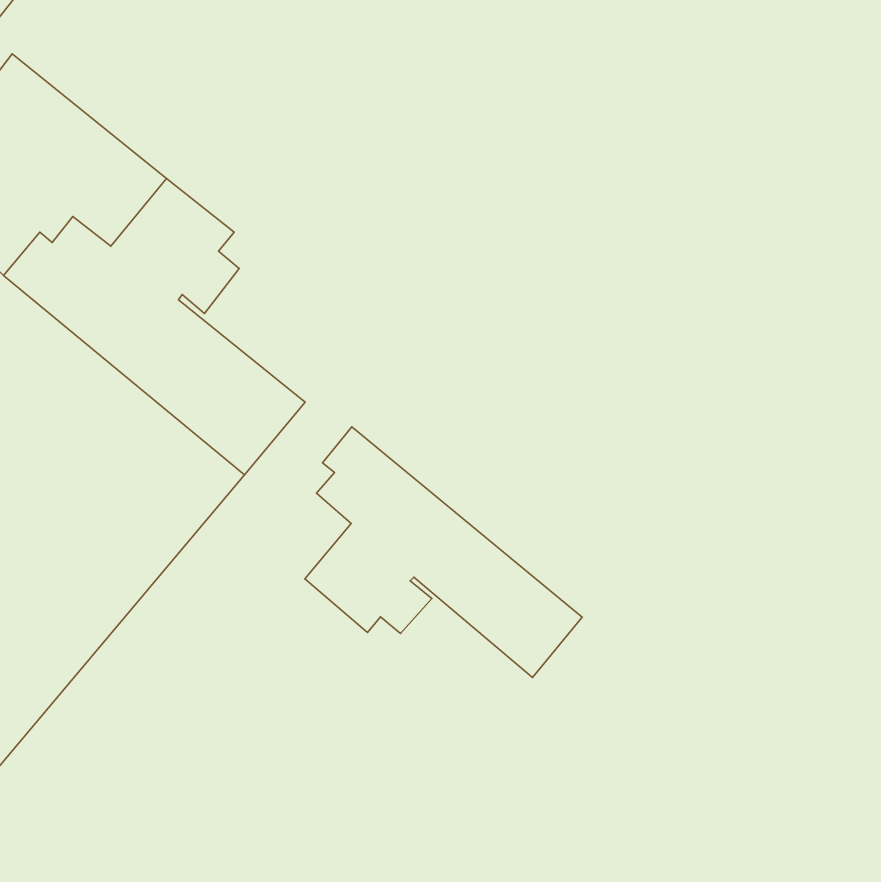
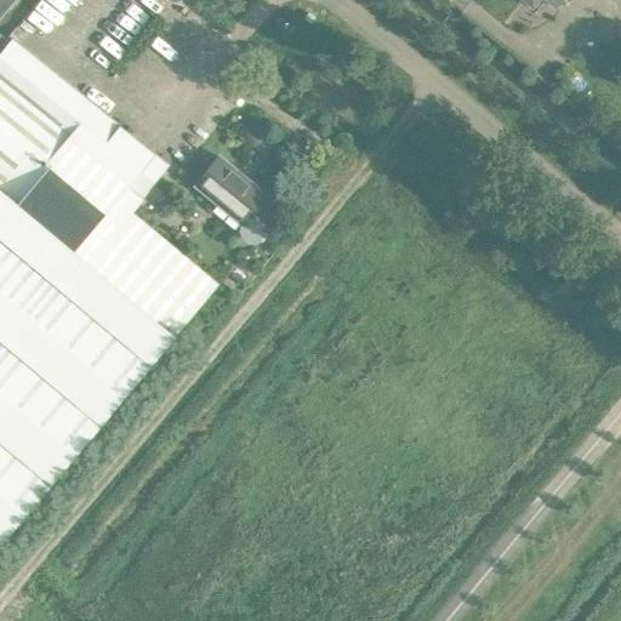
building: none -> [190,154,279,241]
building: [305,427,582,677] -> none

